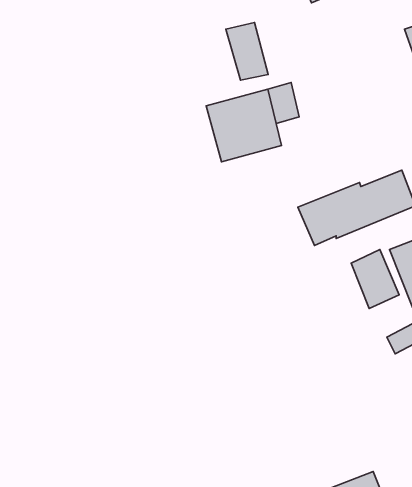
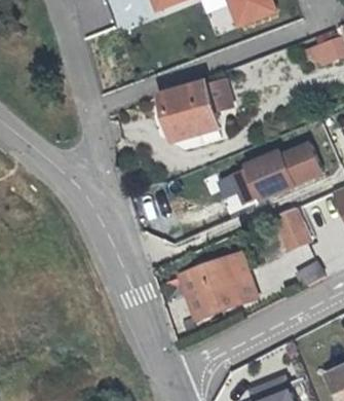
building: [226,22,268,80] -> none
building: none -> [179,253,254,319]

